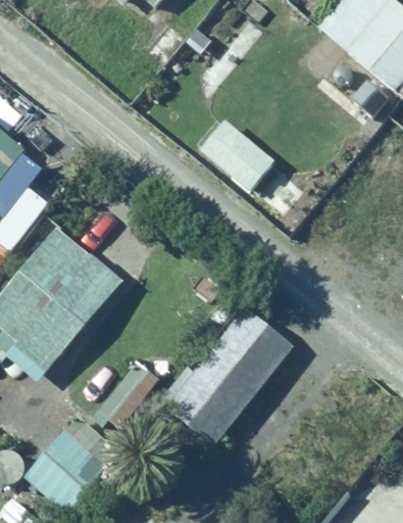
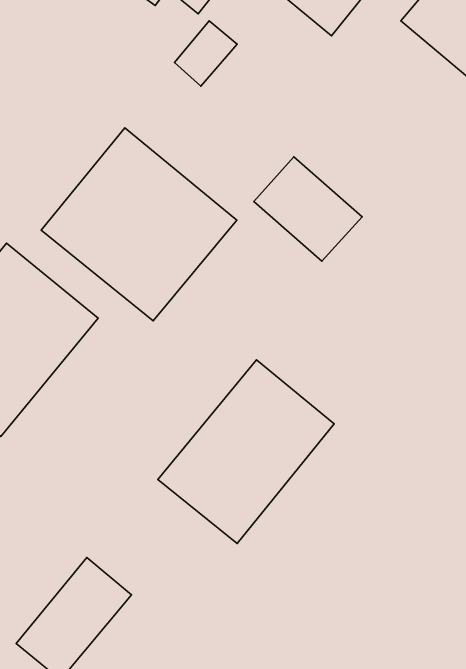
building: none -> [41,128,237,321]

